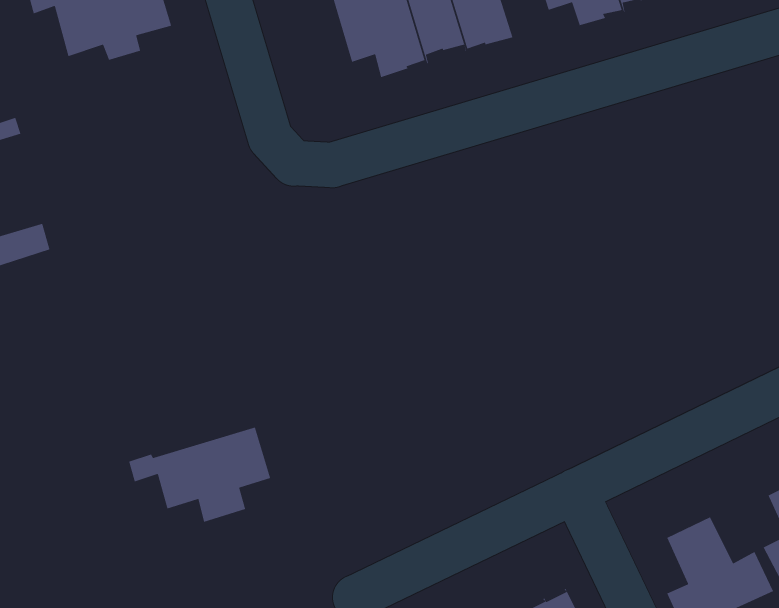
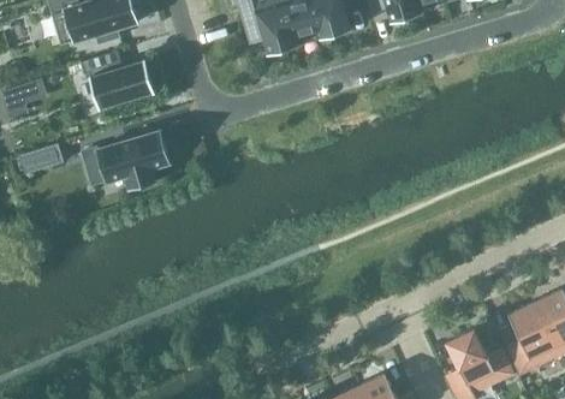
building: none -> [81,50,154,108]
building: [128,426,271,523] -> [82,130,171,190]

